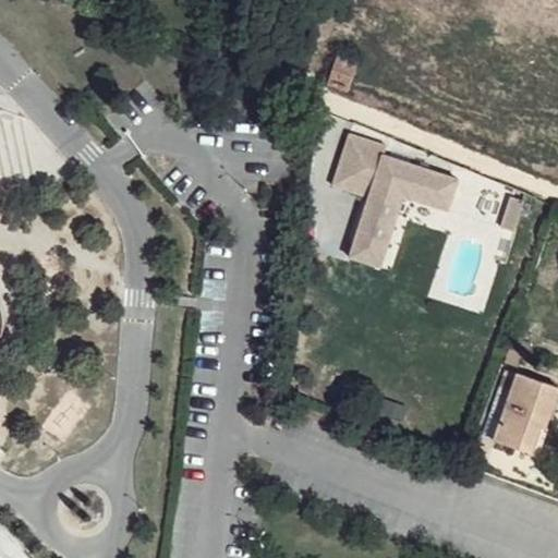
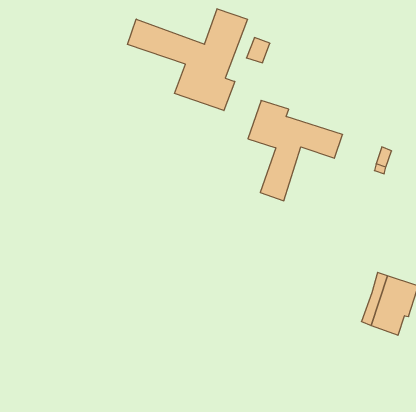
building: none -> [128,9,248,111]

